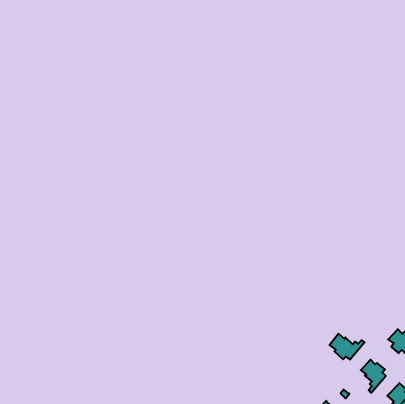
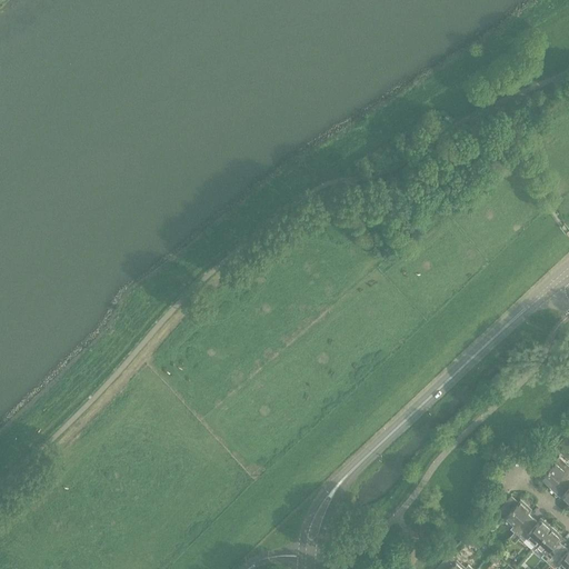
building: [330,334,365,360] -> none
building: none -> [521,529,560,557]

